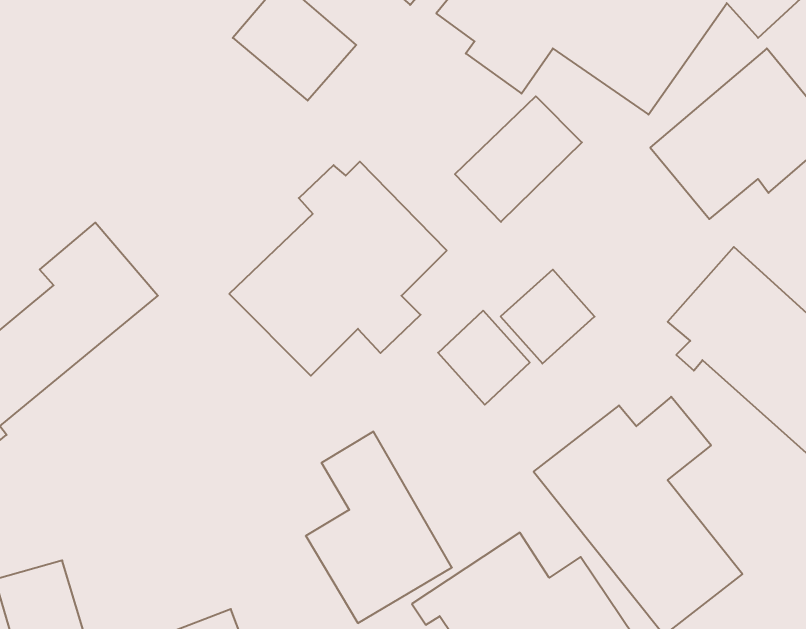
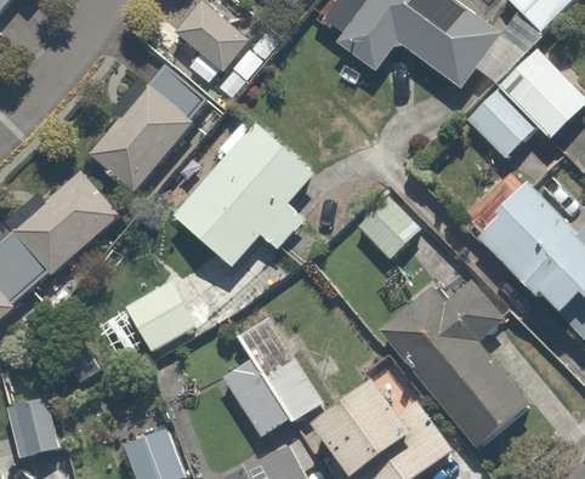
building: none -> [90,59,212,189]
building: [455,96,582,222] -> none
building: [438,311,530,405] -> none
building: none -> [123,278,199,354]

